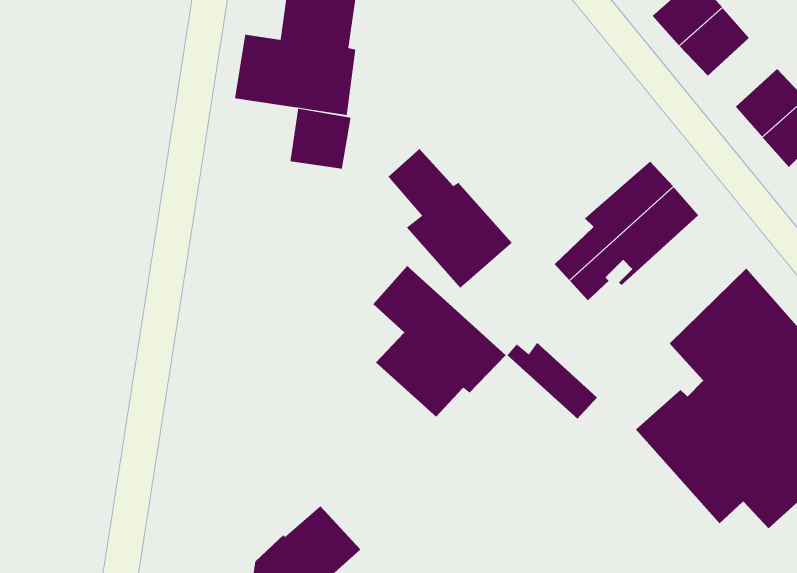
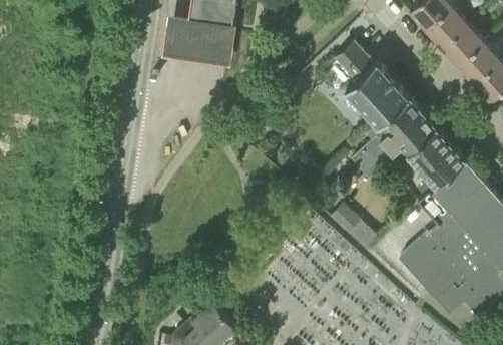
building: none -> [443,24,484,65]
building: [290,108,351,170] -> none
building: [387,148,513,288] -> [335,41,409,124]
building: none -> [392,129,466,206]
building: [373,265,507,418] -> none

